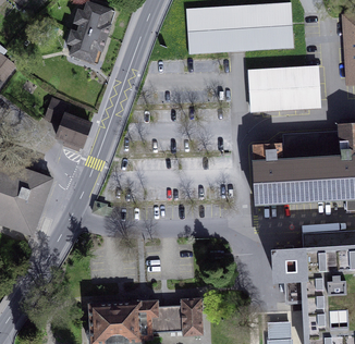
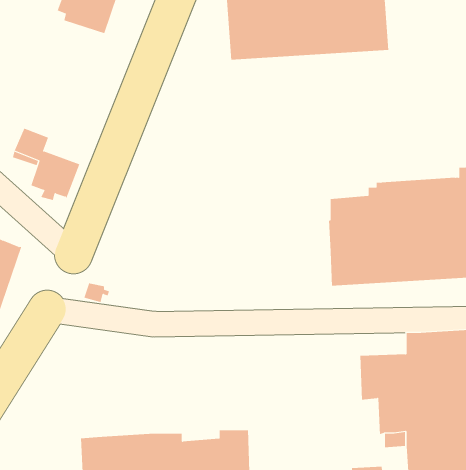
building: [68,28,106,63] -> none
building: [248,66,319,110] -> none

